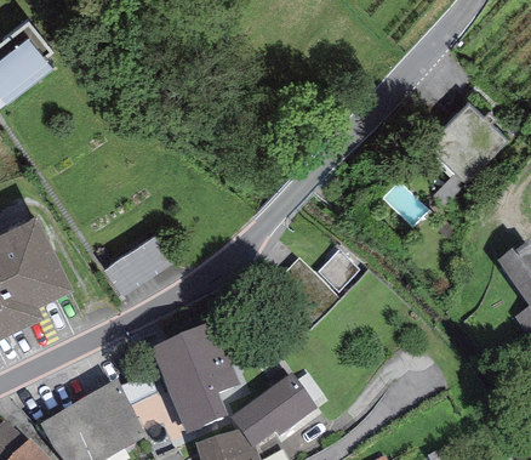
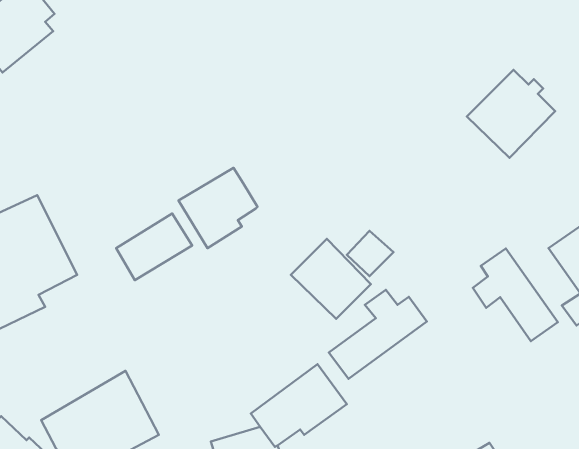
building: none -> [179,168,258,248]
building: none -> [473,248,558,341]
building: none -> [329,290,427,379]
building: [148,320,238,433] -> none

